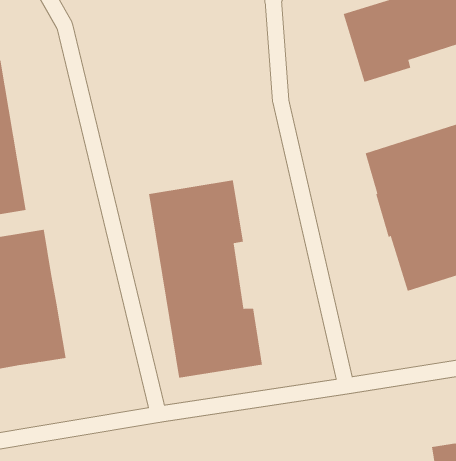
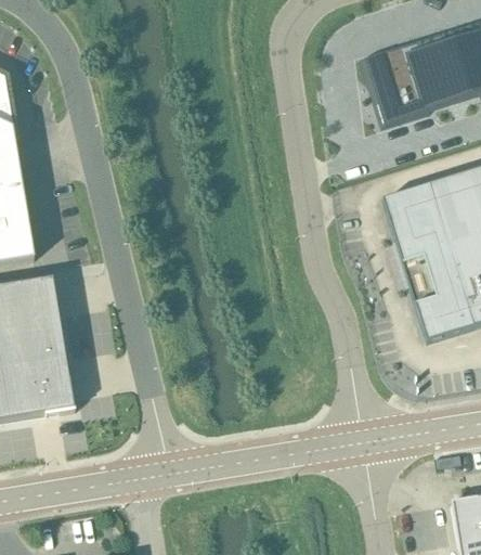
building: [149,179,262,378] -> none

